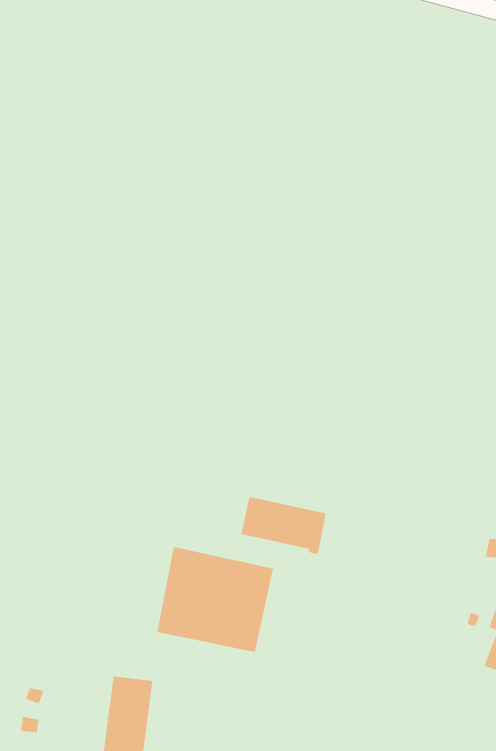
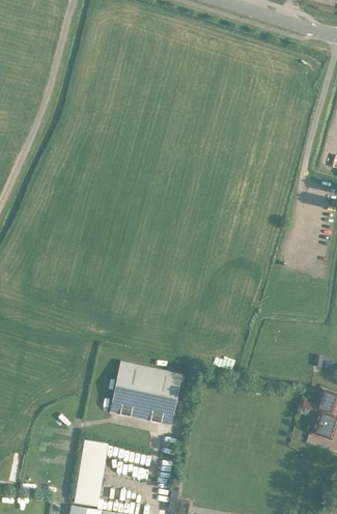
building: [241,496,326,555] -> none

